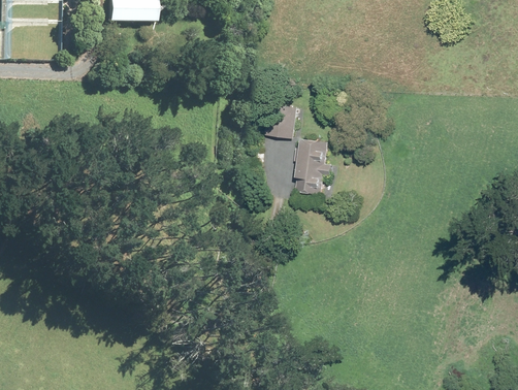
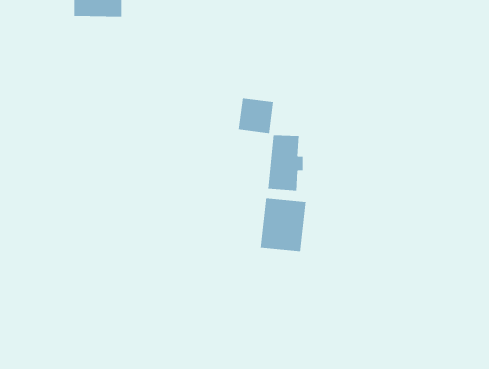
building: none -> [260,198,306,252]

